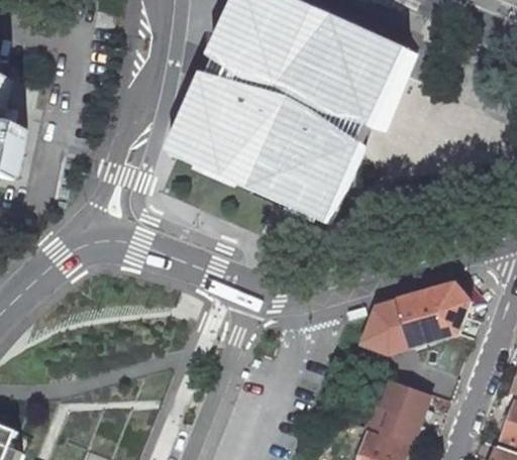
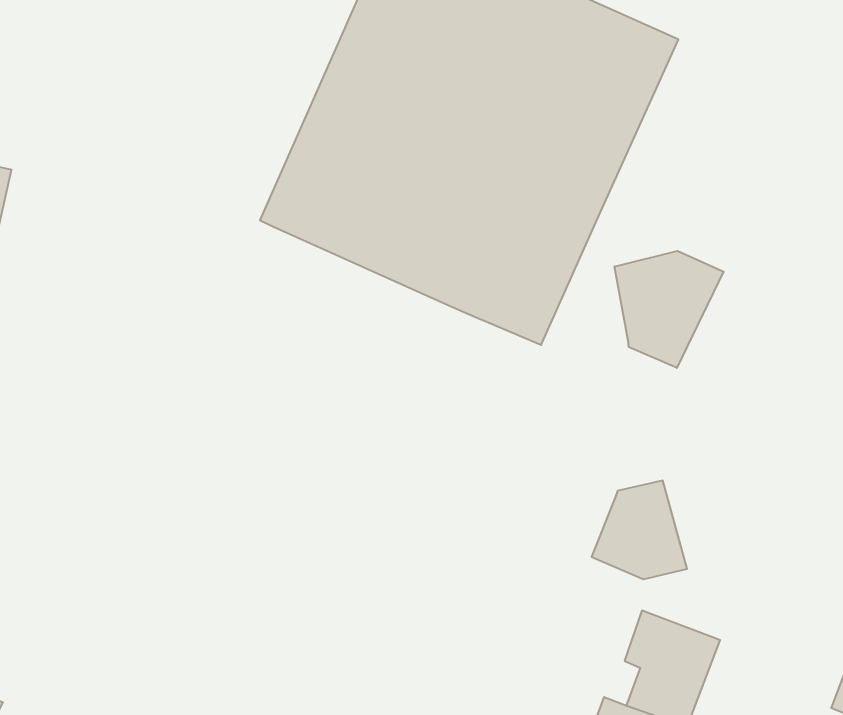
building: none -> [615,251,724,368]
building: [398,284,473,354] -> none

